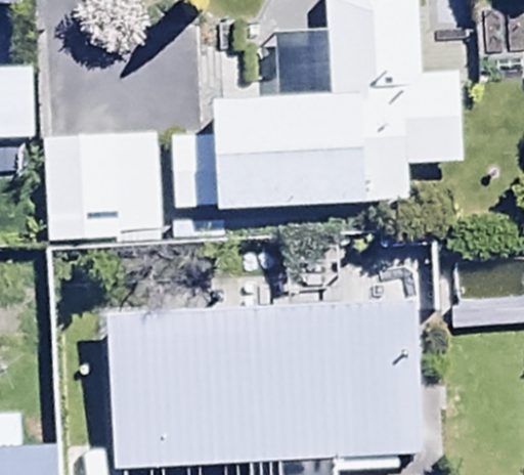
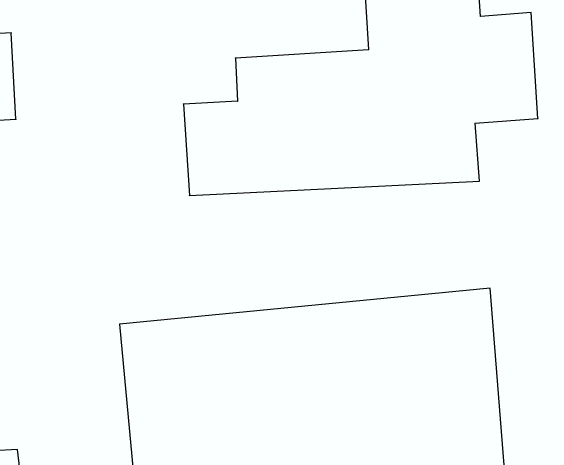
building: [43,131,158,243] -> none

